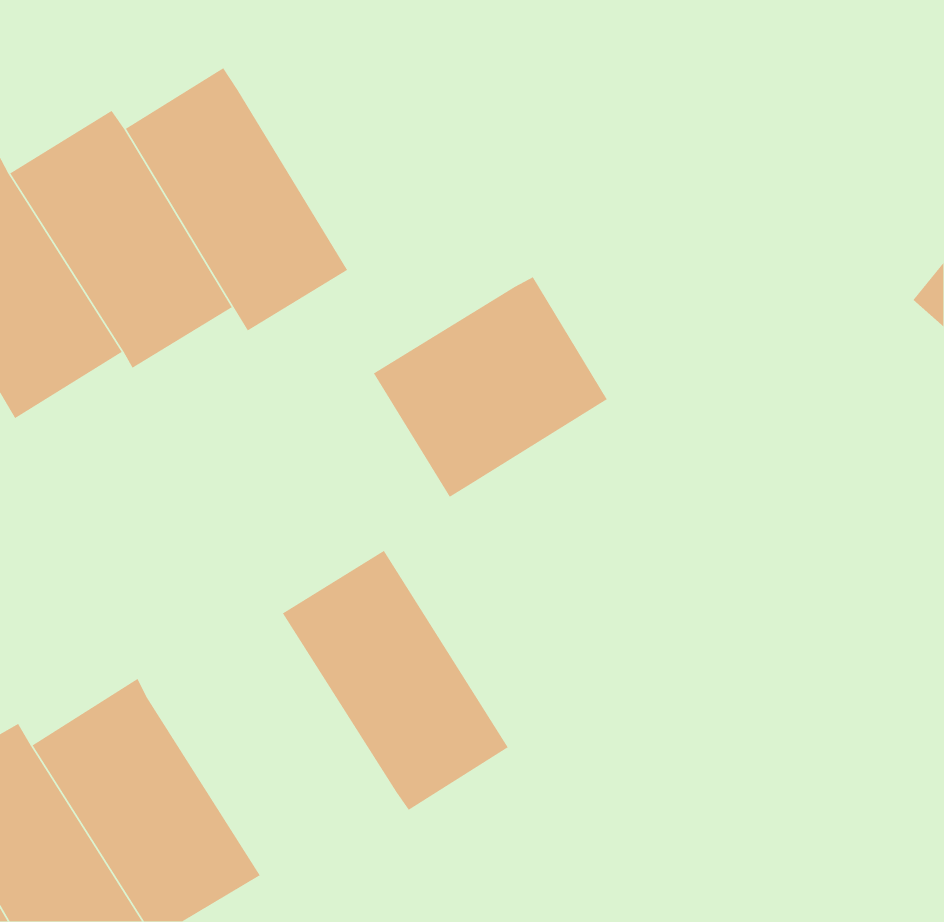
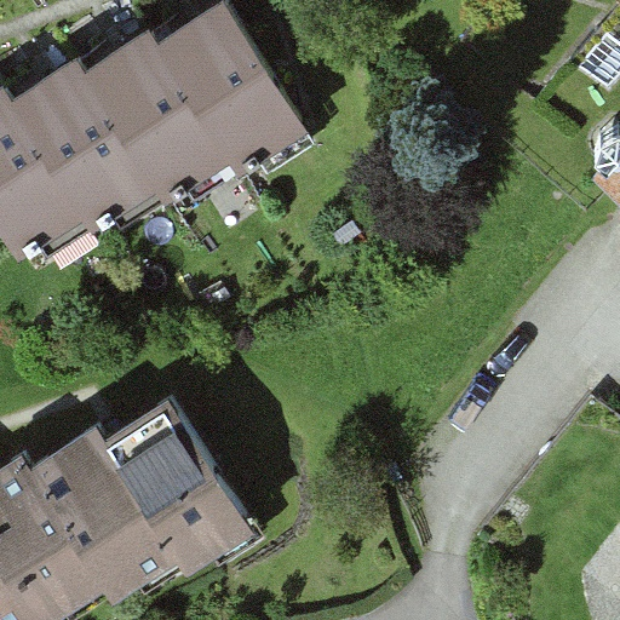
building: none -> [155,21,298,189]
building: [373,276,608,498] -> none
building: [282,550,509,811] -> [96,412,243,581]

